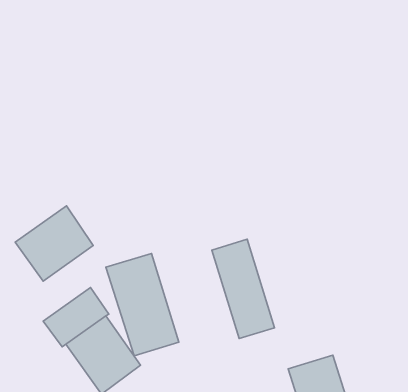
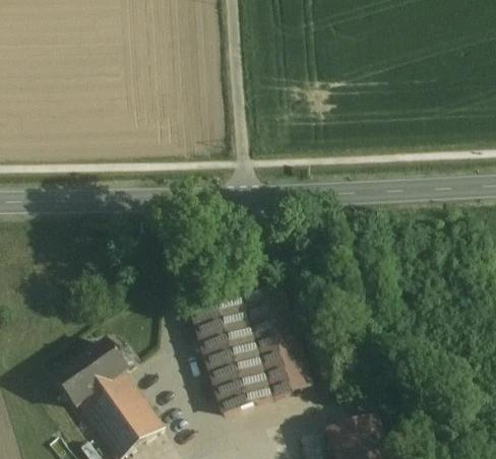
building: [15,206,93,281] -> none
building: [106,254,179,356] -> [190,298,271,411]

